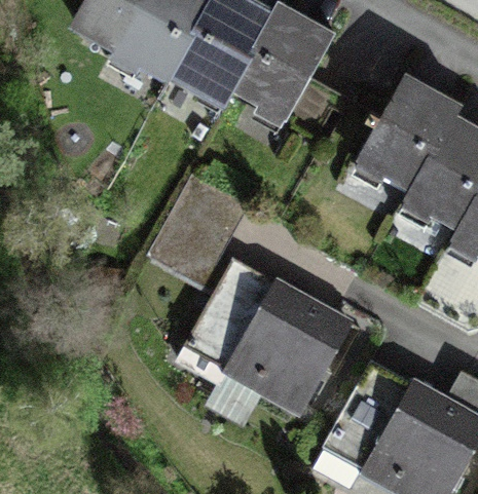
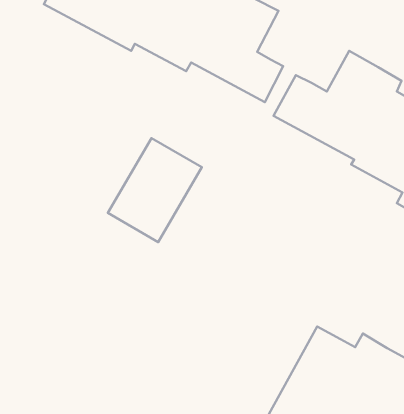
building: [179,272,355,416] -> none

